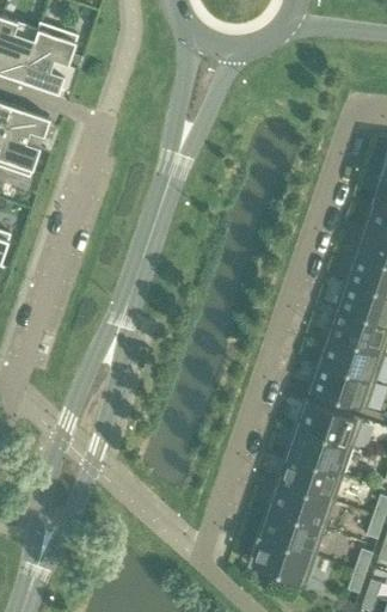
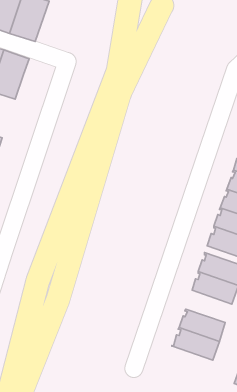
building: [278,454,345,501] -> none
building: [248,536,318,585] -> none

